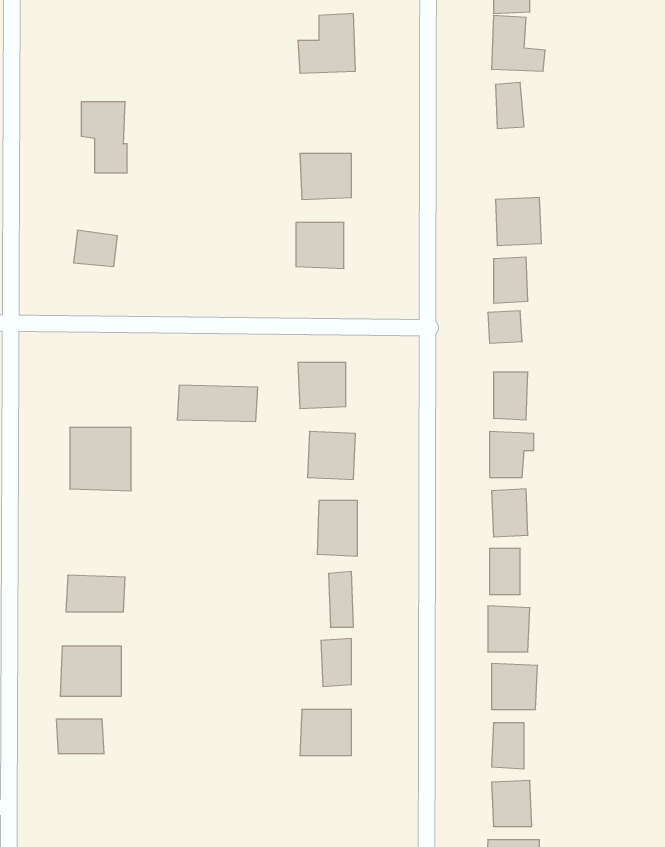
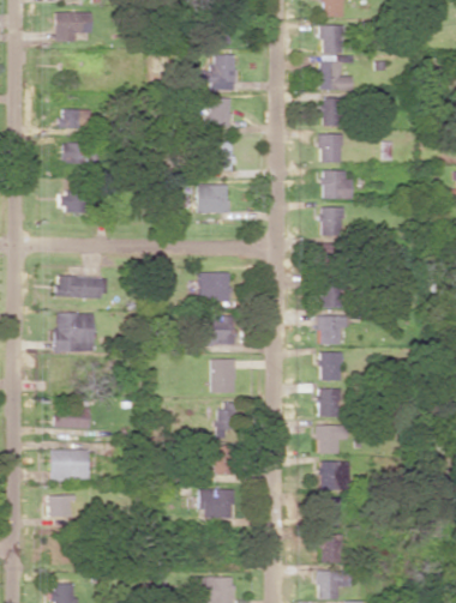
building: none -> [210,98,230,127]
building: none -> [320,133,342,163]
building: [177,385,258,422] -> [56,276,107,299]

